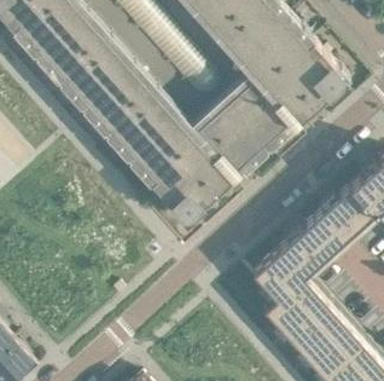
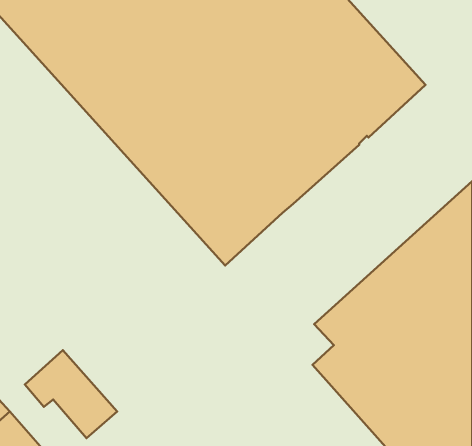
building: none -> [25,350,117,438]

